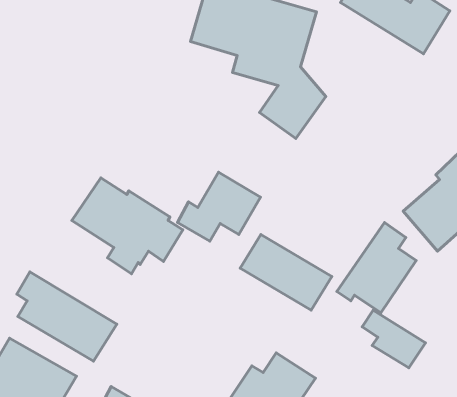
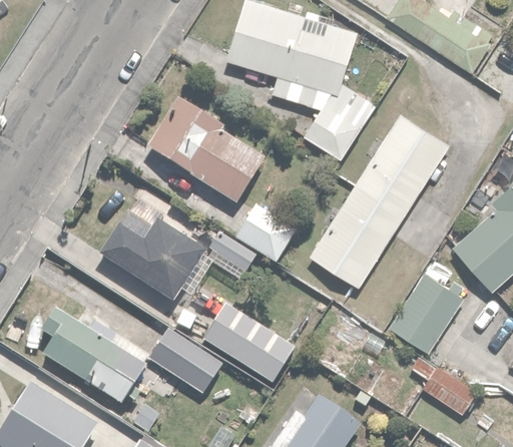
building: none -> [145,85,263,201]
building: none -> [309,109,455,289]
building: [240,235,332,310] -> [201,303,300,384]
building: none -> [149,327,226,395]

